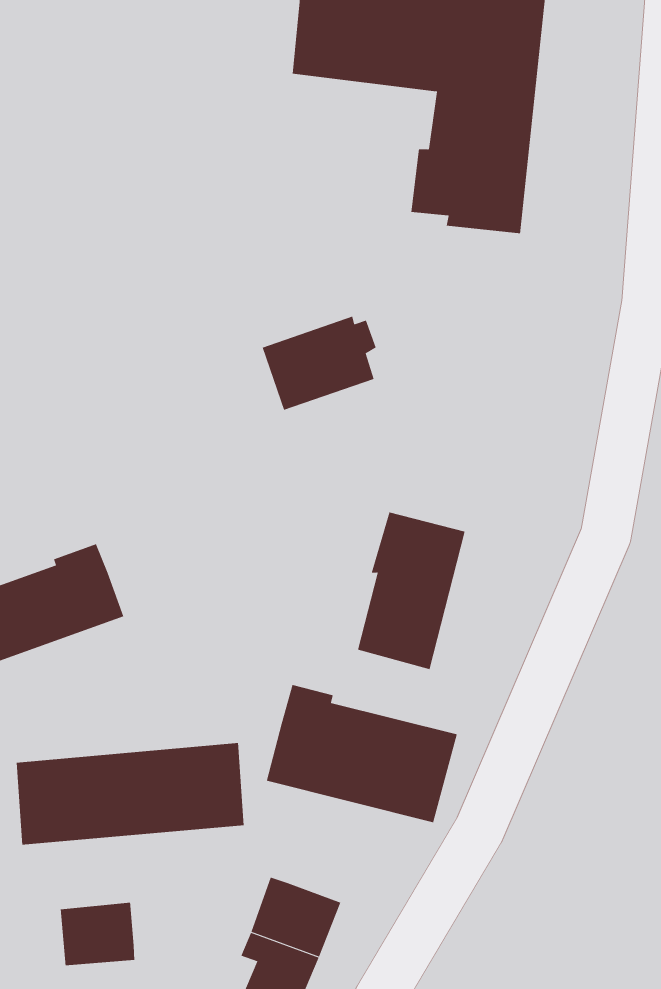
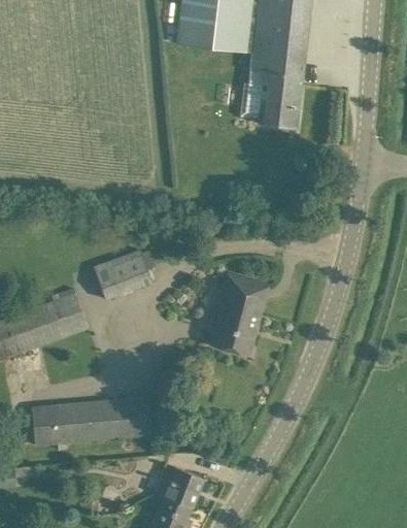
building: [262,316,376,411] -> [95,248,155,297]
building: [266,684,457,823] -> none
building: [60,902,135,966] -> none

